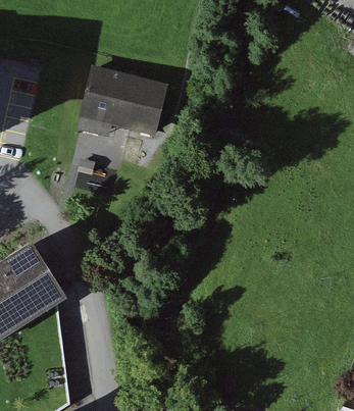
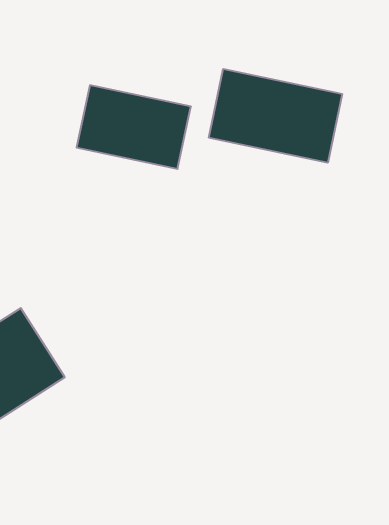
building: none -> [209,69,342,163]

